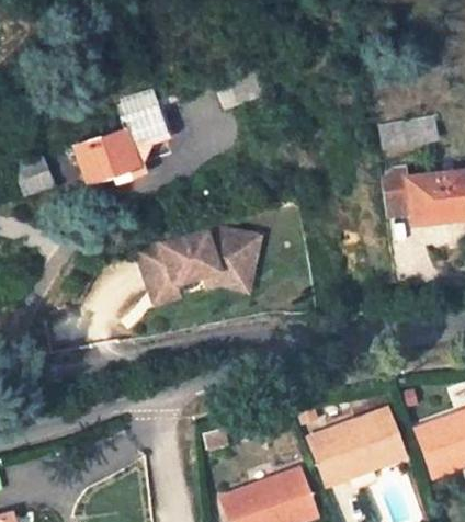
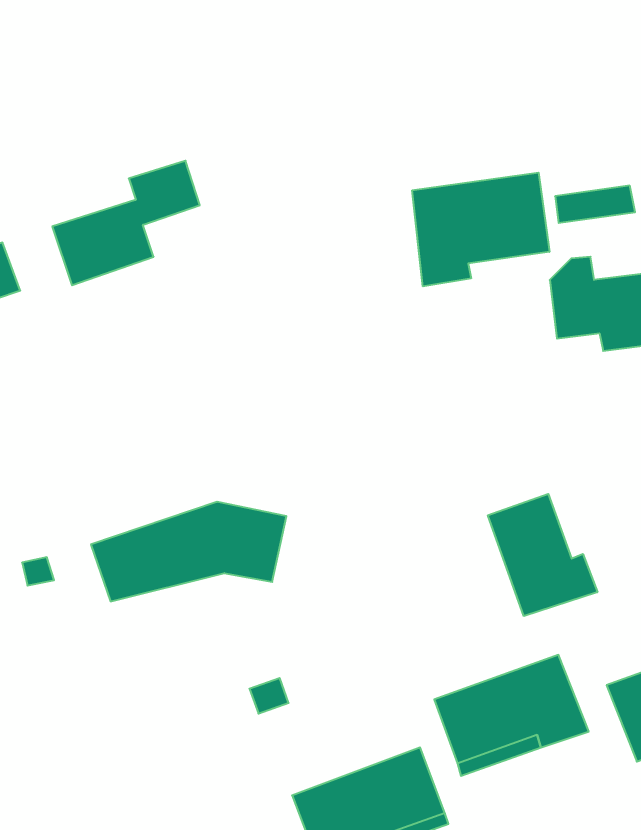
building: none -> [412,173,549,286]
building: [138,229,259,291] -> [91,502,286,601]
building: none -> [488,494,597,616]

